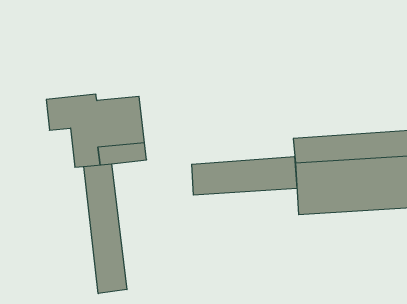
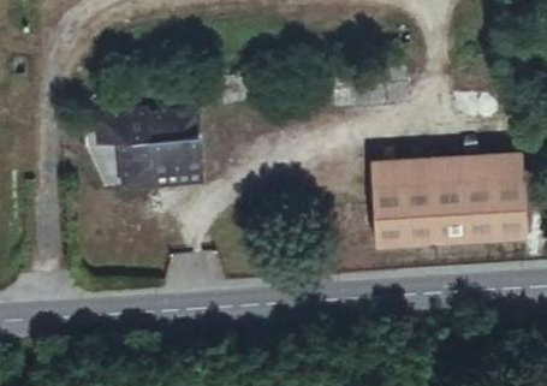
building: [192,156,297,195] -> none
building: [84,164,127,294] -> none

